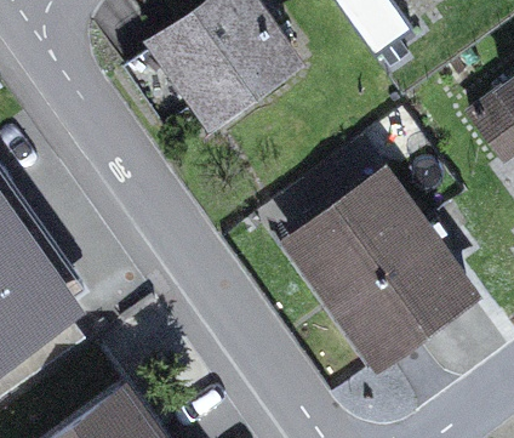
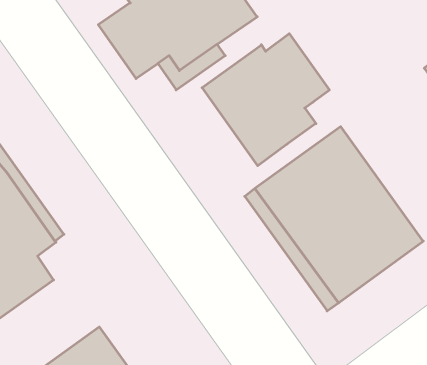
building: none -> [202,34,329,166]

